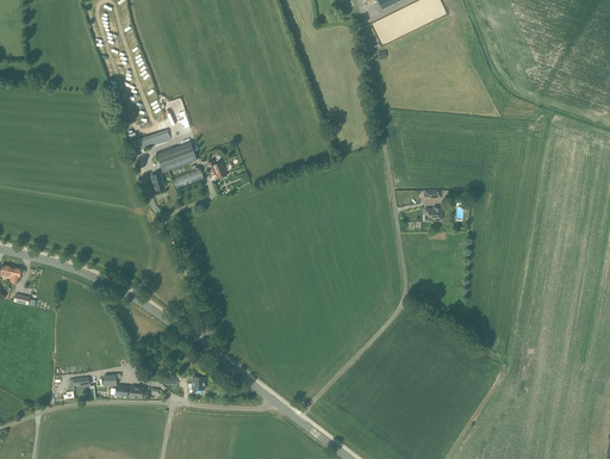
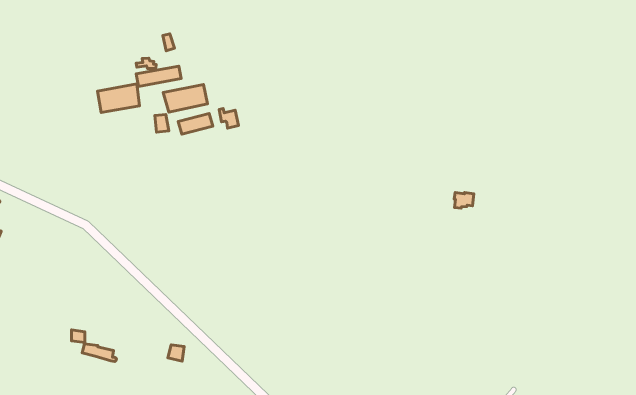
building: none -> [97,84,139,113]

